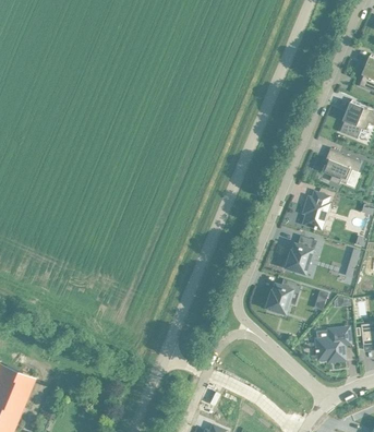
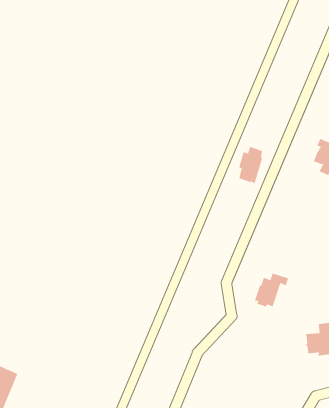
building: [303,192,327,229] -> [238,146,263,184]
building: [285,236,315,273] -> none

